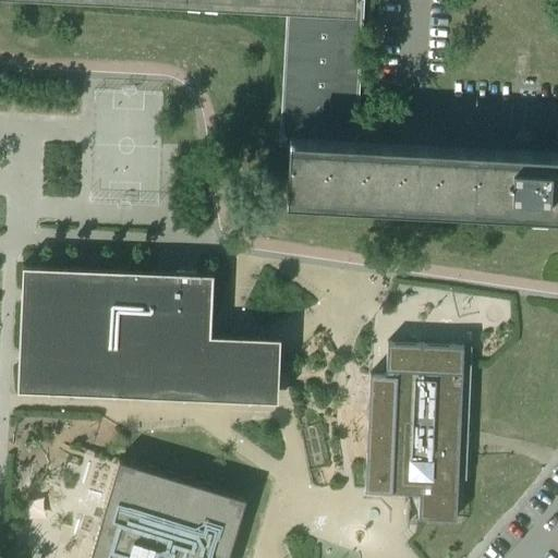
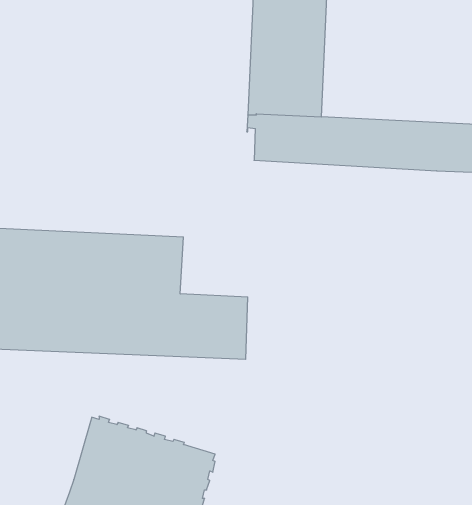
building: [365,347,472,524] -> none

